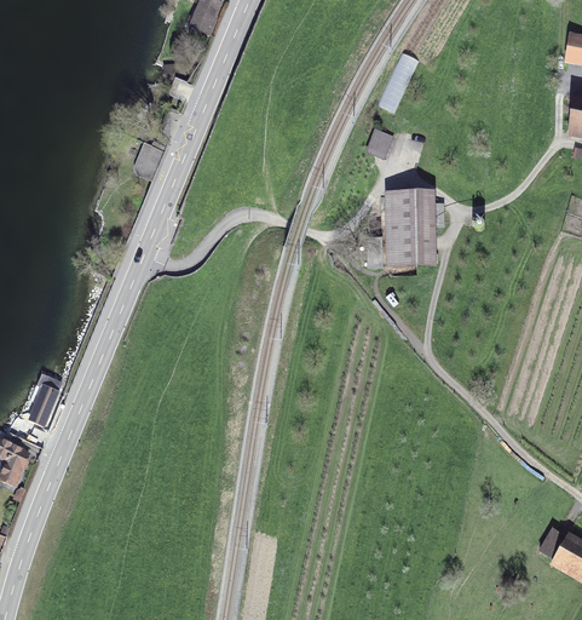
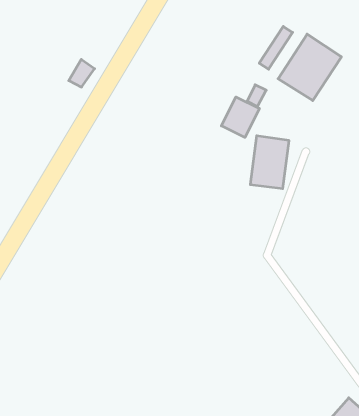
building: none -> [278,34,341,101]
building: none -> [221,97,259,137]

